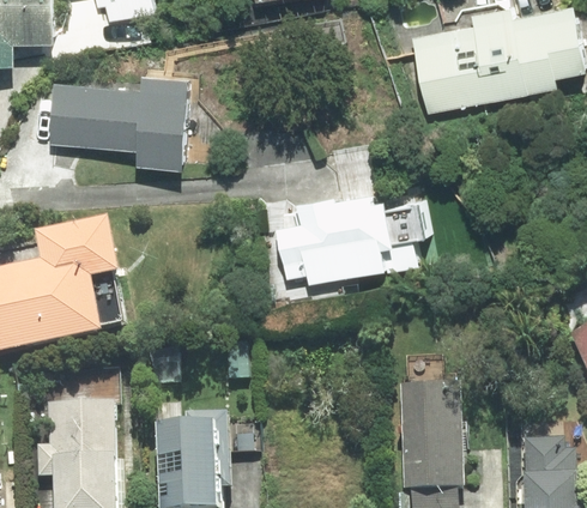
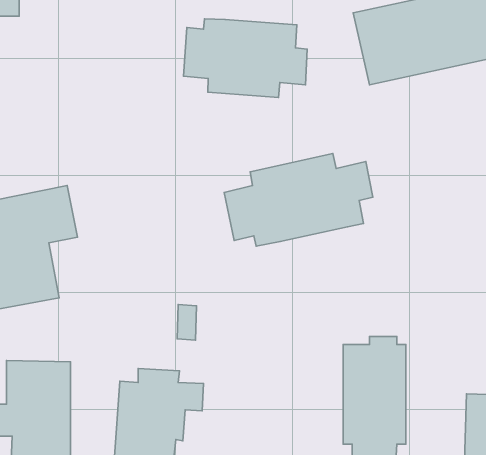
building: none -> [184,19,307,98]
building: [46,77,193,171] -> none

